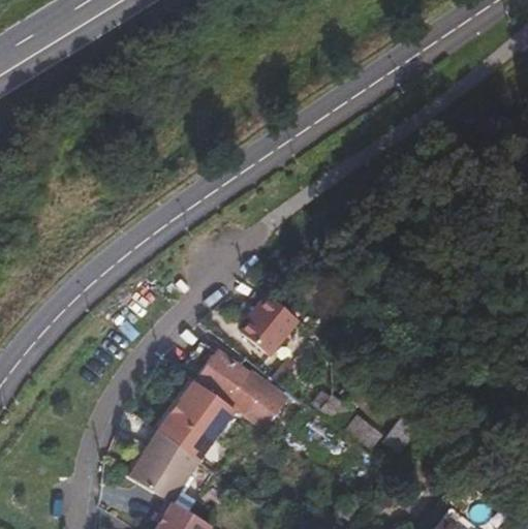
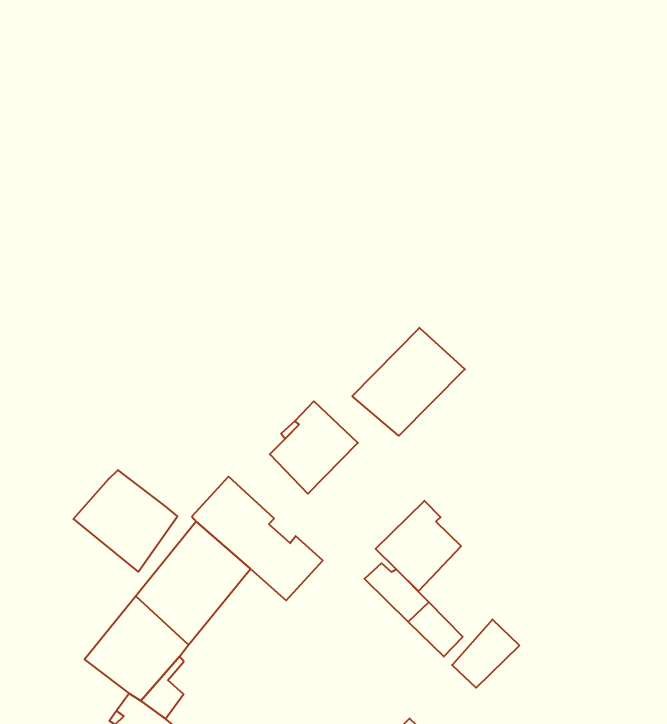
building: none -> [352,328,465,436]
building: none -> [376,501,461,591]
building: none -> [73,470,177,572]

